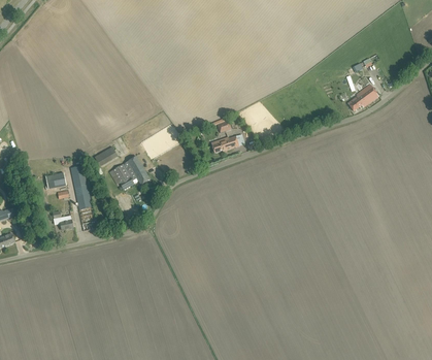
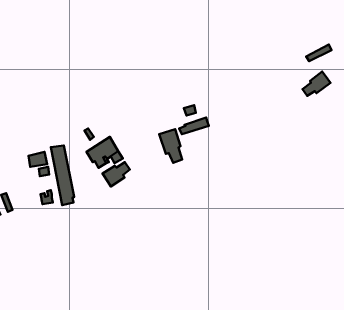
building: none -> [159,129,182,163]
building: none -> [103,162,130,186]

